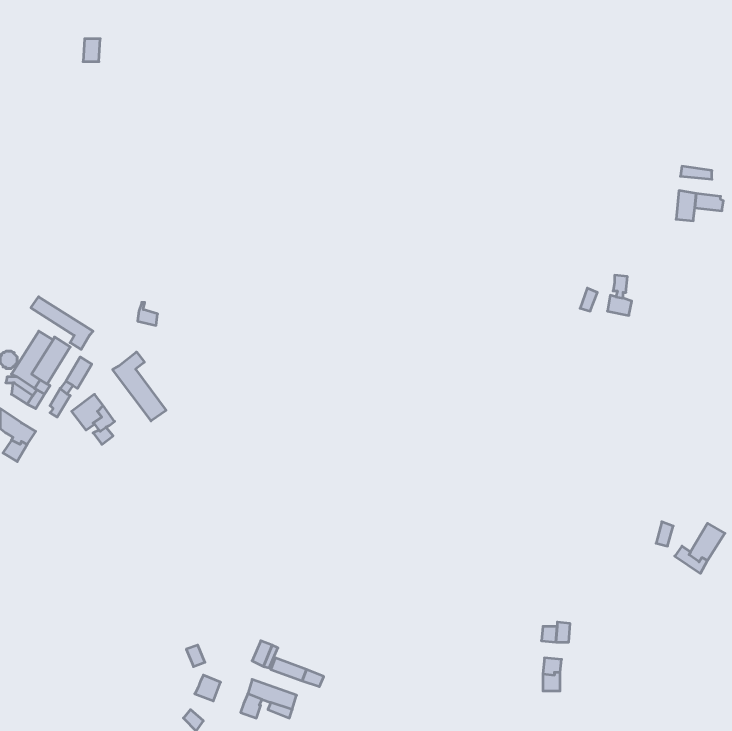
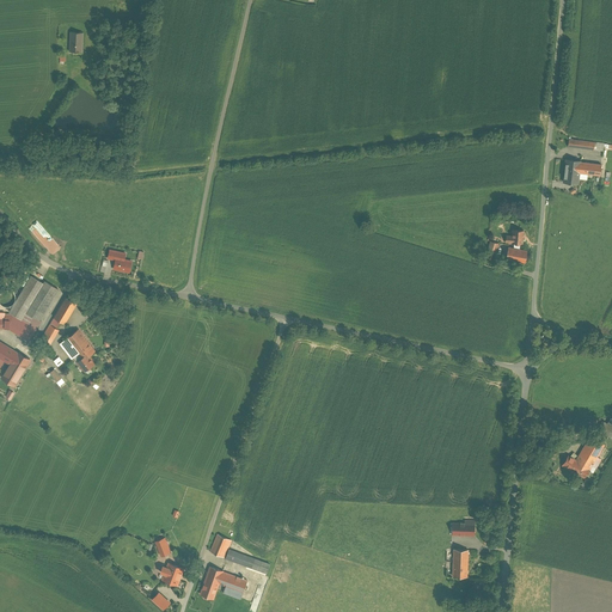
building: [31,297,93,349] -> none
building: [113,352,166,421] -> none

